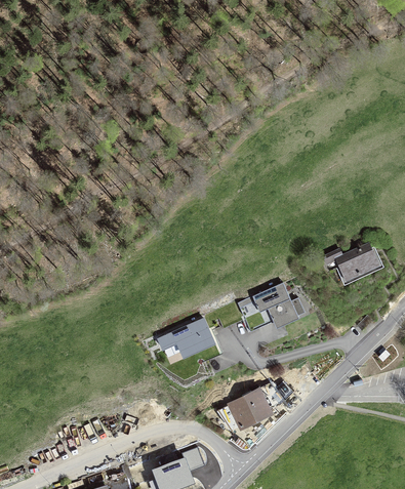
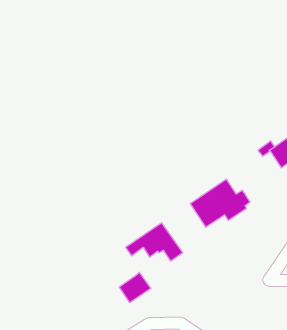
building: none -> [119,272,151,303]
building: [230,390,271,427] -> none

